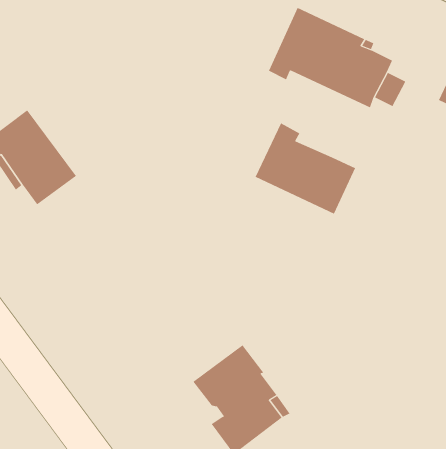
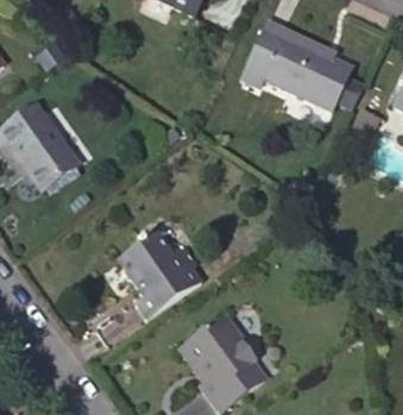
building: [255,123,356,215] -> none
building: none -> [114,220,215,307]

